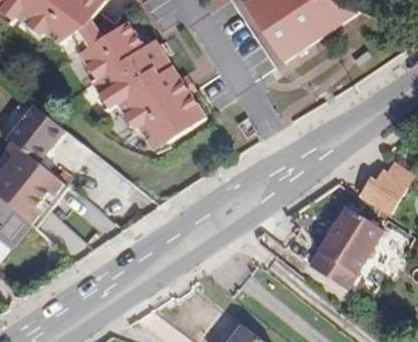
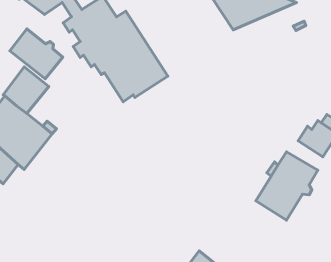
building: none -> [10,29,63,79]

